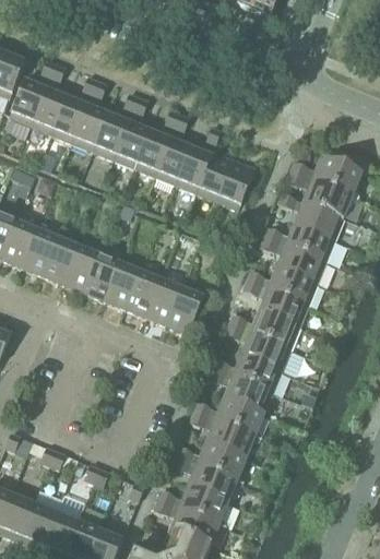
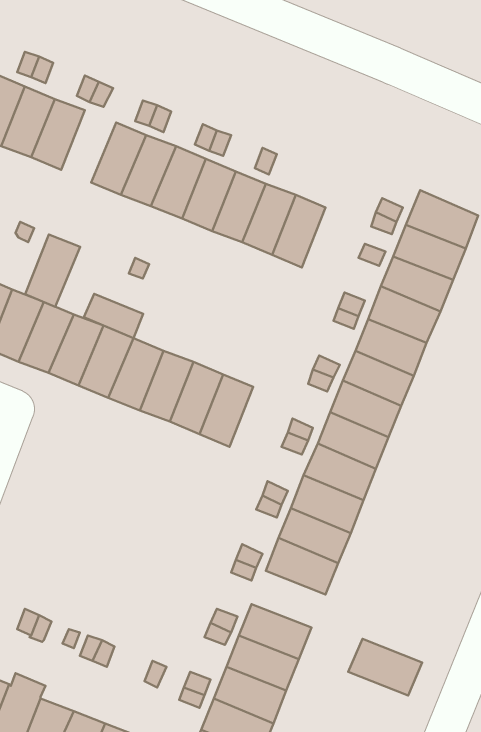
building: [71,102,109,152] -> [25,234,80,307]
building: none -> [84,294,143,338]
building: [203,421,254,461] -> [348,639,422,695]

